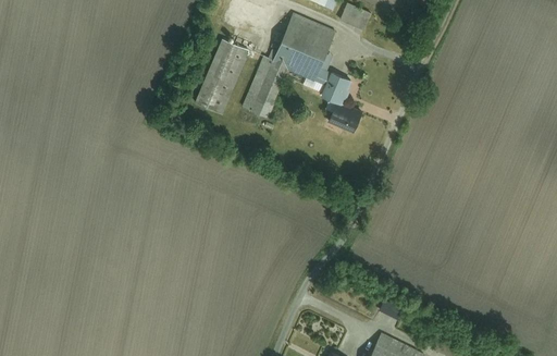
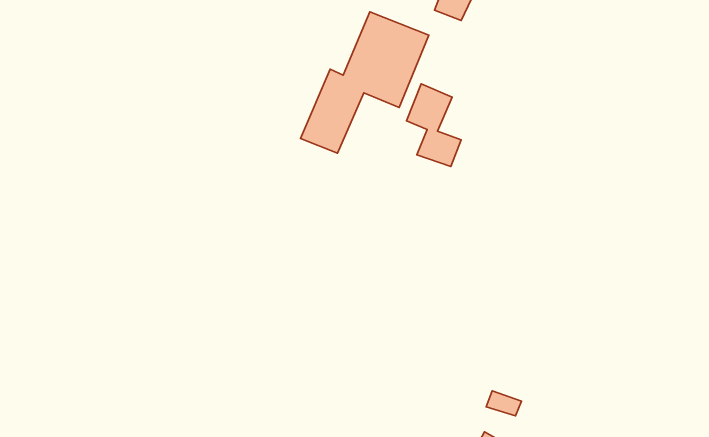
building: [195,45,250,119] -> none

